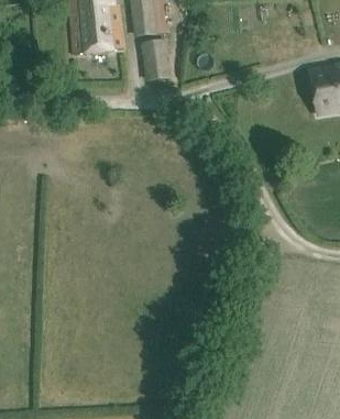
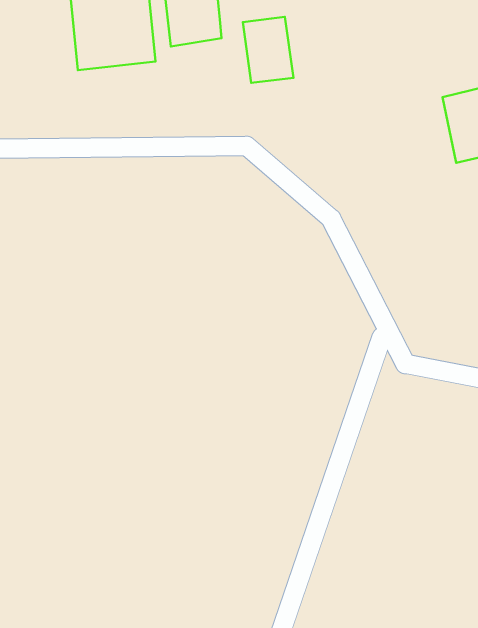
building: [140,37,173,80] -> [243,17,293,83]

